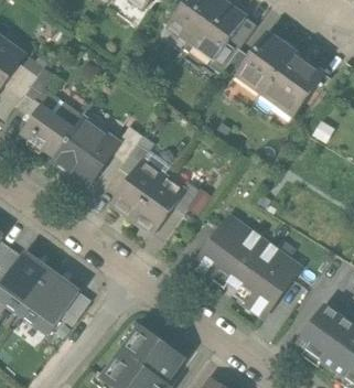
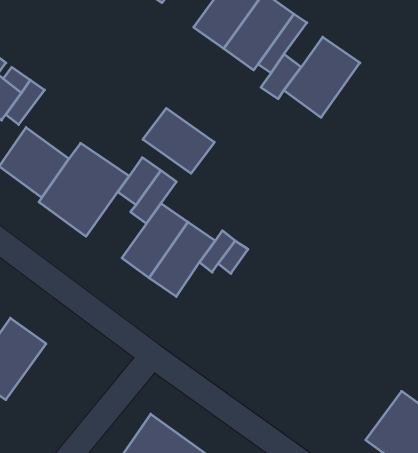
building: [267,53,325,116] -> none
building: none -> [143,108,214,173]
building: [193,215,300,316] -> none
building: [24,269,83,332] -> none

